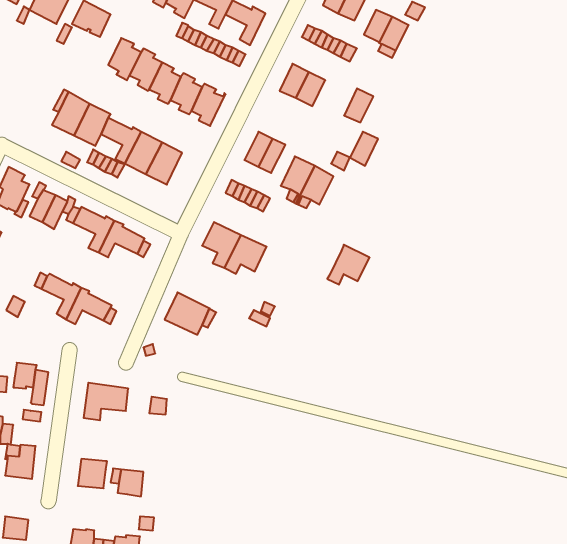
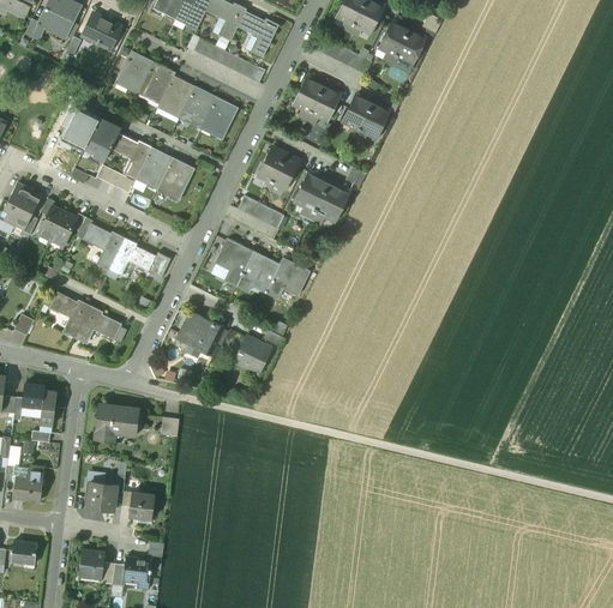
building: [350,132,378,166] -> [343,95,372,130]
building: [327,245,370,285] -> [265,258,308,299]
building: none -> [232,335,270,371]

